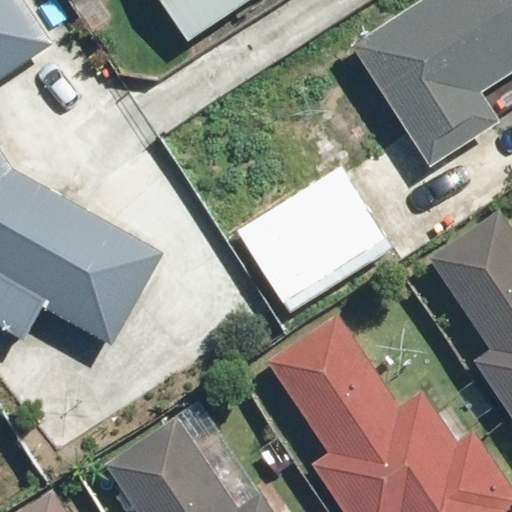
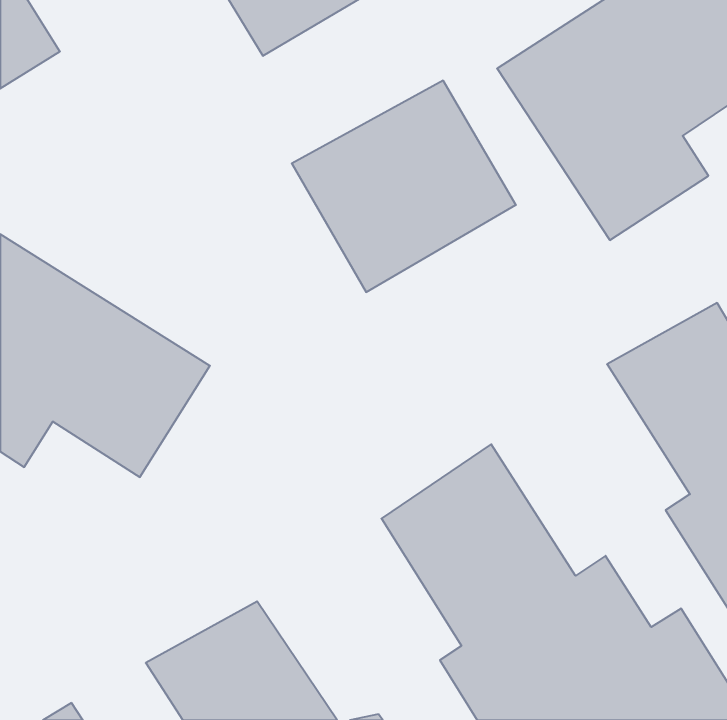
building: [237,169,394,317] -> [292,81,516,292]

